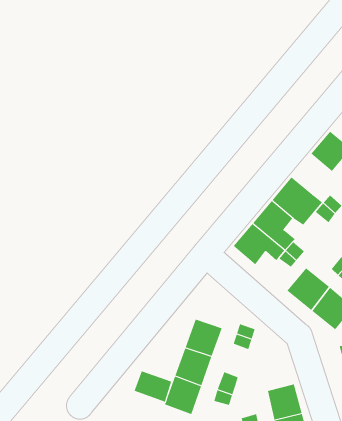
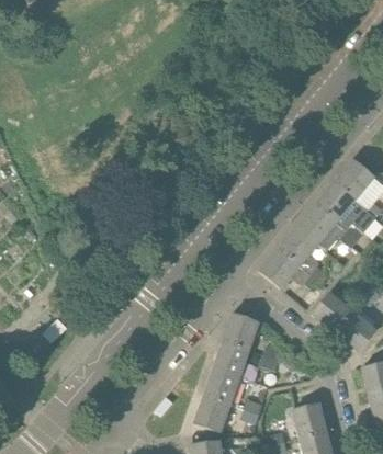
building: none -> [315,181,354,220]
building: none -> [223,313,258,349]
building: [134,370,172,402] -> none

